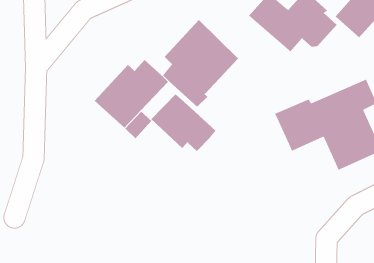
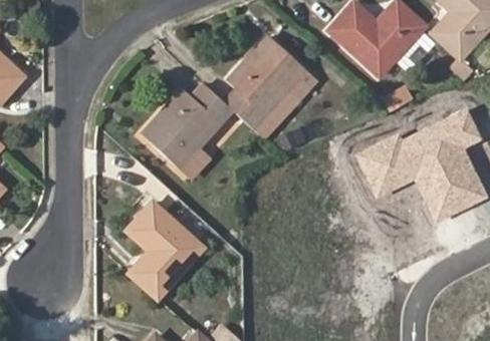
building: [150,93,216,152] -> none
building: none -> [127,203,203,298]

